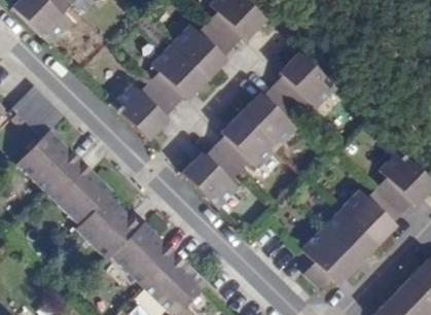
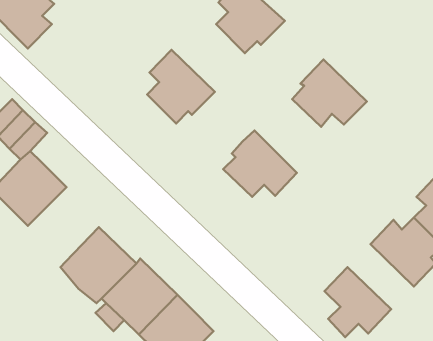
building: [171,22,234,79] -> none
building: [112,81,175,140] -> none
building: [242,85,298,148] -> none
building: [182,145,240,209] -> none
building: [48,161,112,224] -> none
building: [321,209,378,265] -> none

